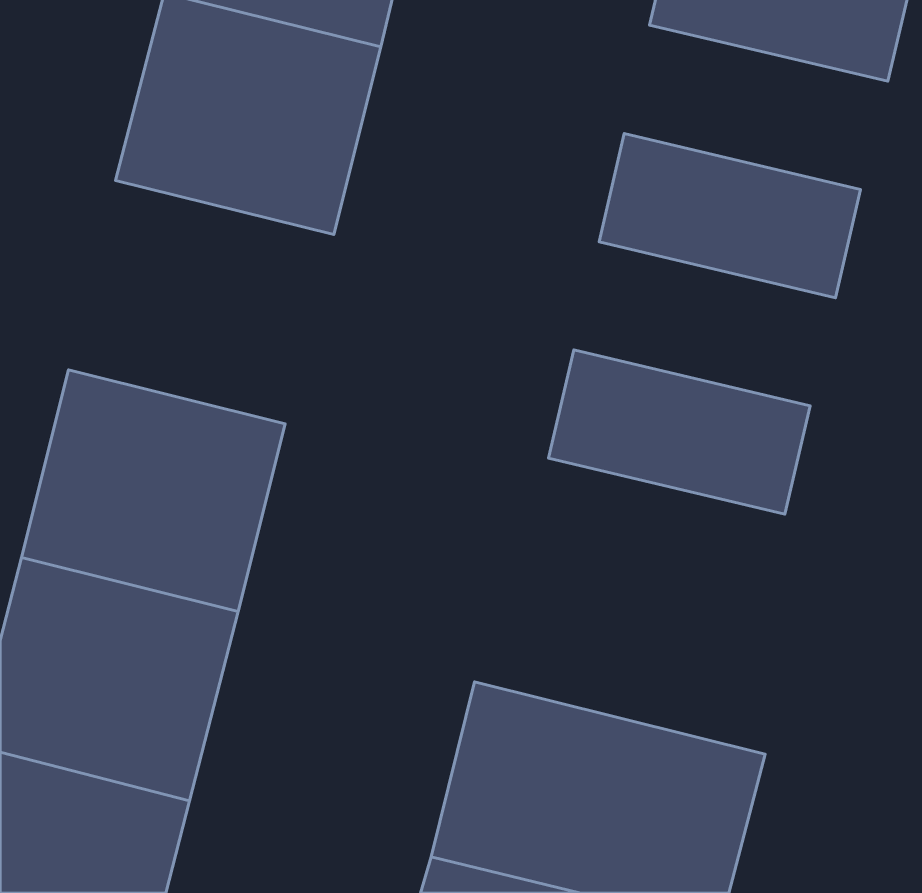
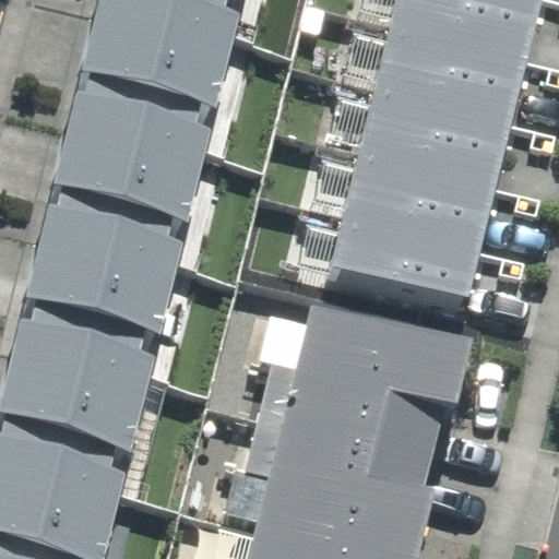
building: none -> [378,15,537,115]
building: none -> [41,109,202,257]
building: none -> [347,146,506,246]
building: none -> [287,307,489,456]

